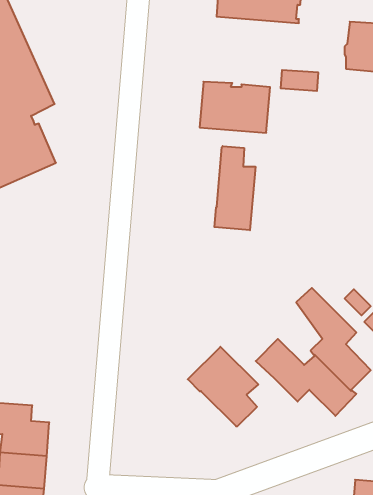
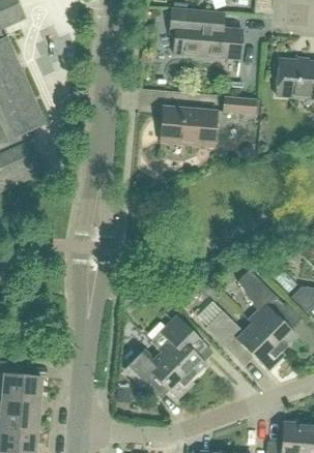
building: [214,146,255,230] -> none
building: none -> [129,351,194,398]

